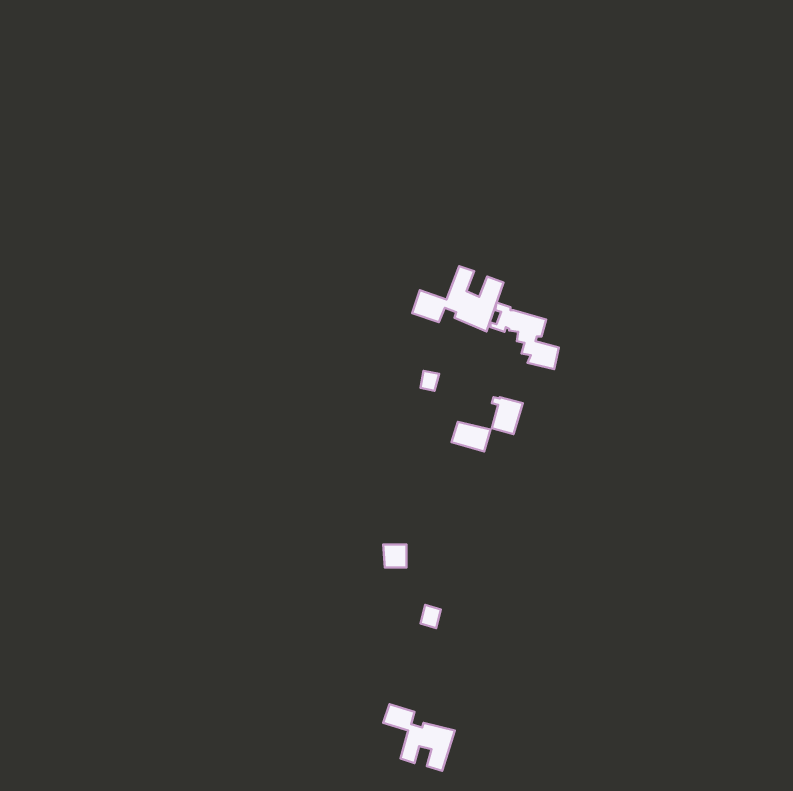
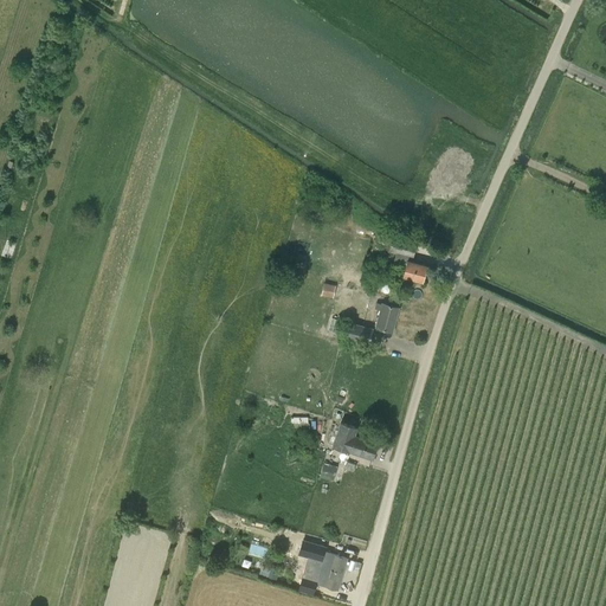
building: [412,266,504,331] -> none
building: none -> [333,424,378,459]

